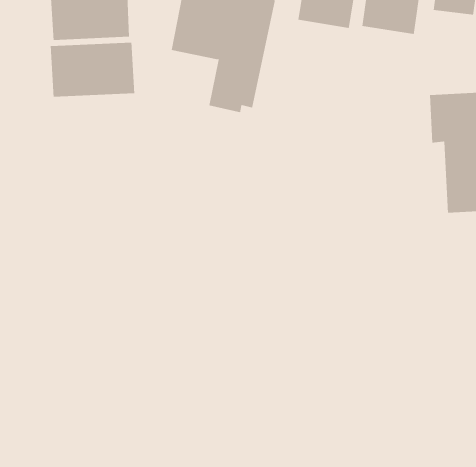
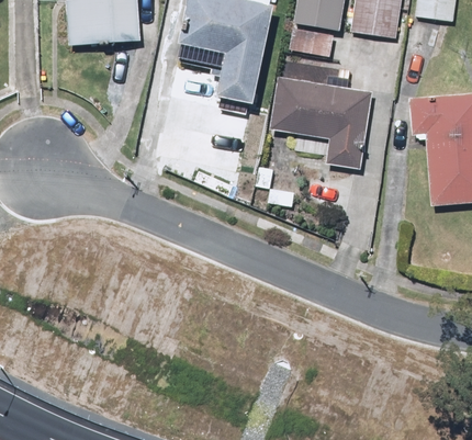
building: [50,42,135,97] -> none
building: none -> [268,74,373,171]

